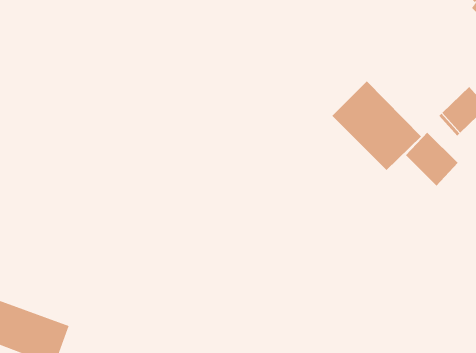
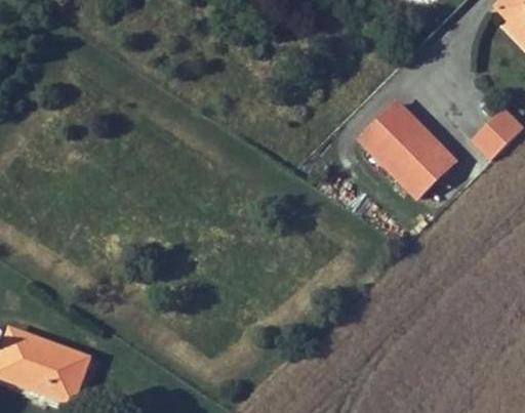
building: [405,132,459,187] -> none

